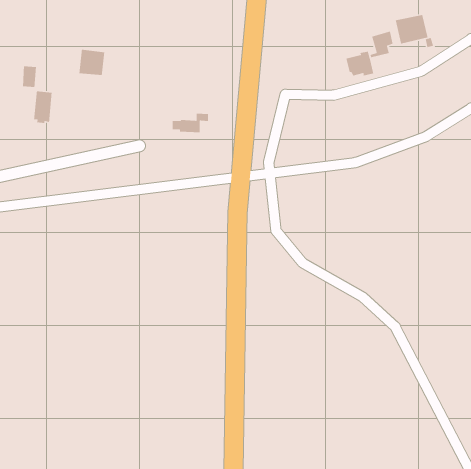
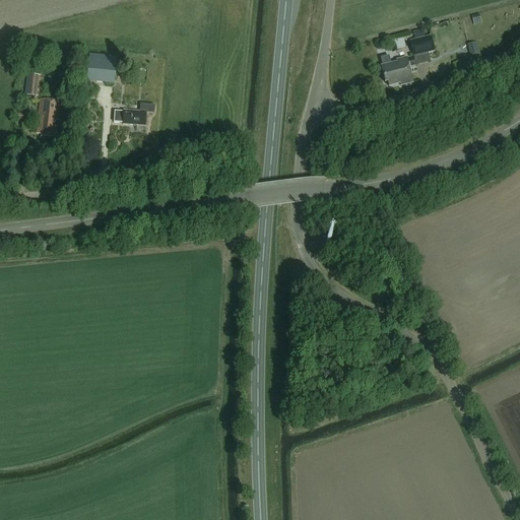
building: [395,14,428,44] -> none
building: [172,113,209,133] -> [113,102,153,124]

